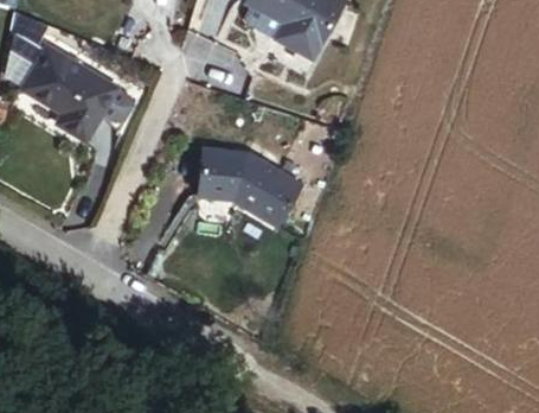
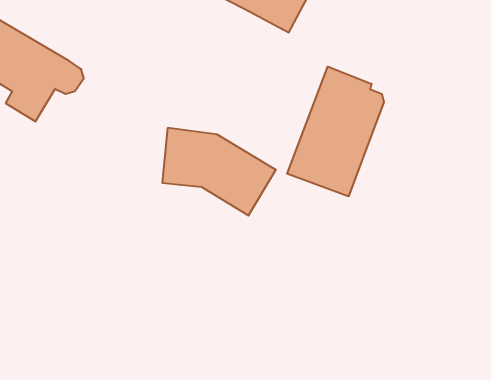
building: none -> [287,67,384,196]

